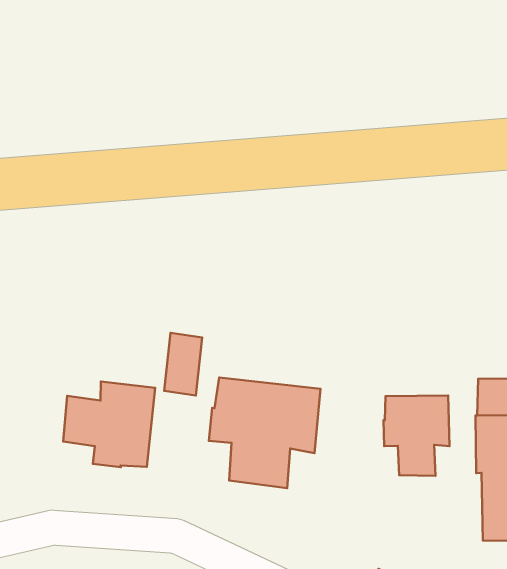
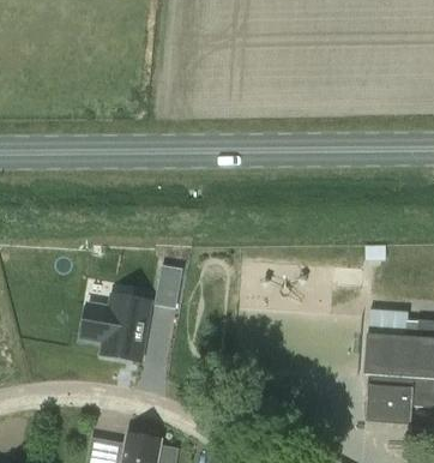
building: [209,378,320,488] -> none
building: [384,396,449,476] -> none

